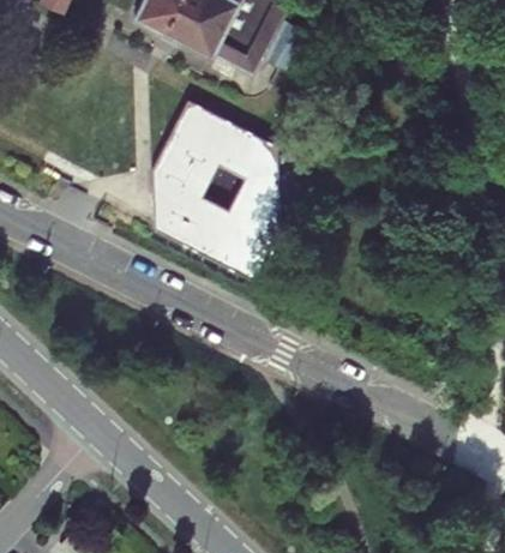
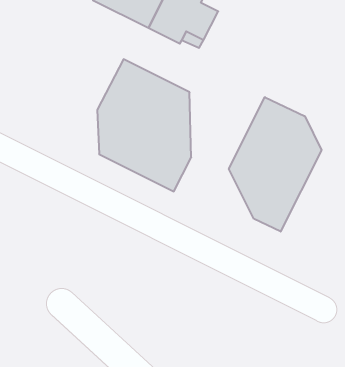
building: none -> [229,97,321,232]

